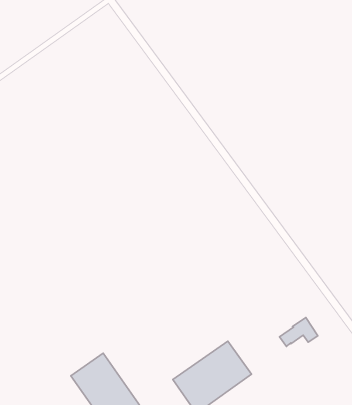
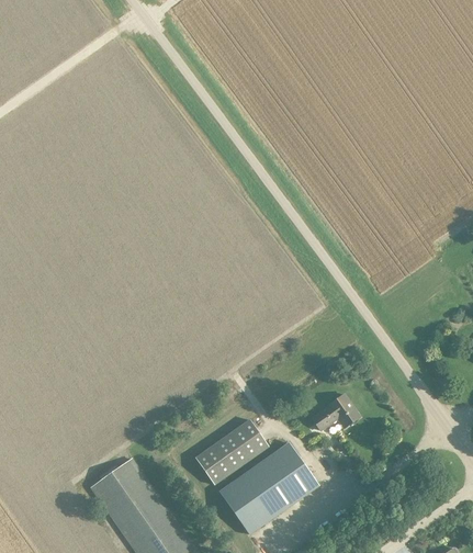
building: [280,318,318,346] -> [311,394,359,430]
building: none -> [194,419,268,485]

